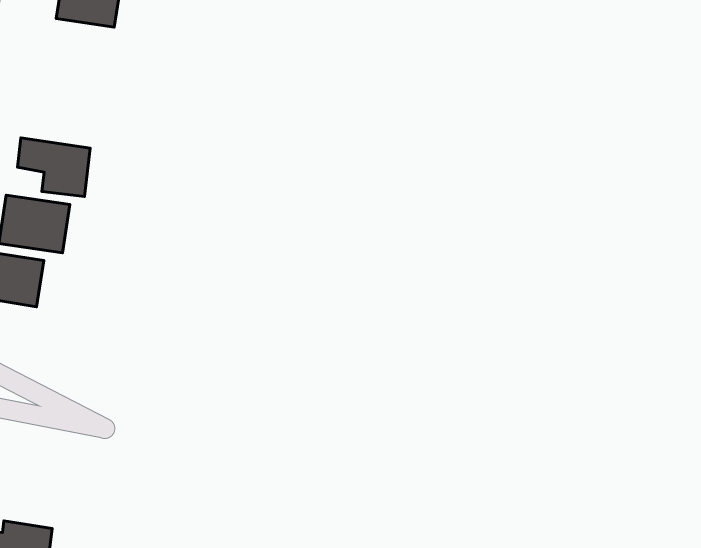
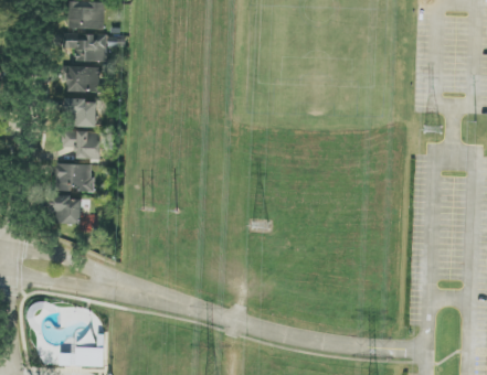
building: none -> [66,66,100,93]
building: none -> [68,100,95,127]

